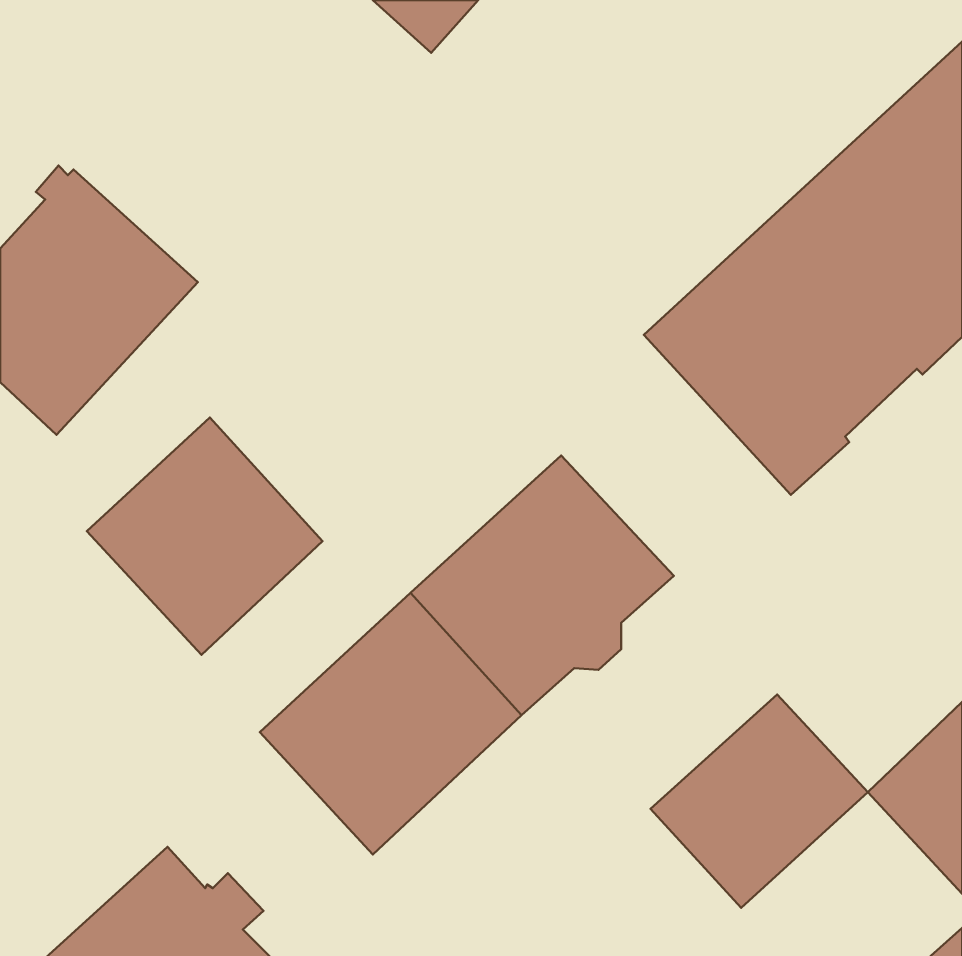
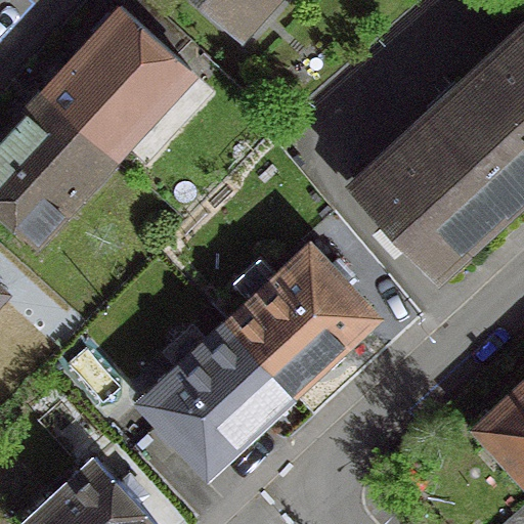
building: none -> [40,12,184,157]
building: [87,417,323,655] -> none
building: [650,695,868,908] -> none

